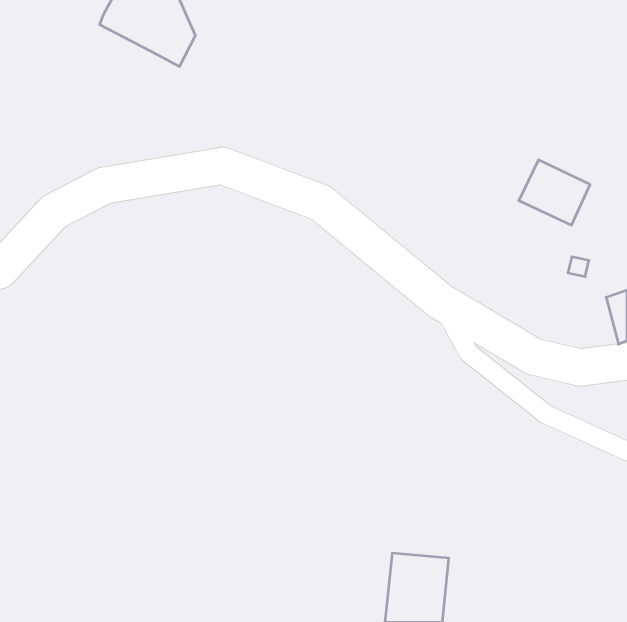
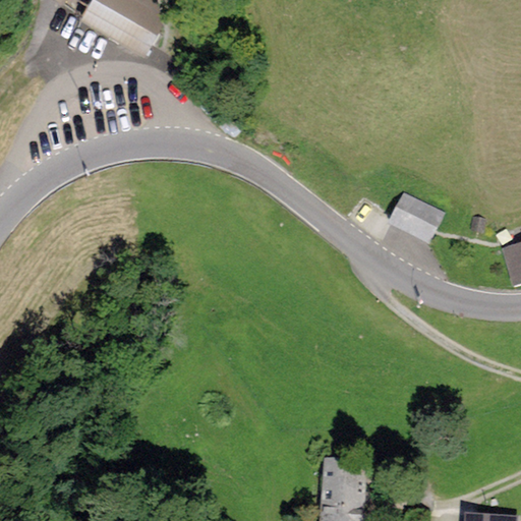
building: [519,160,590,225] -> [388,189,447,243]

